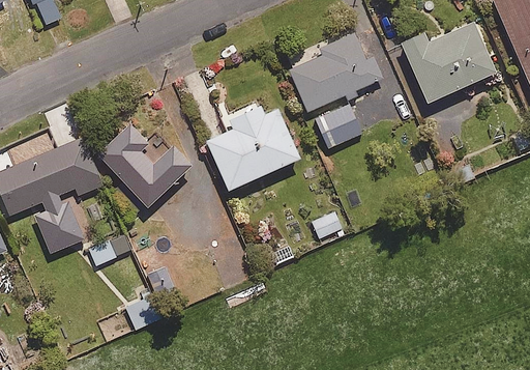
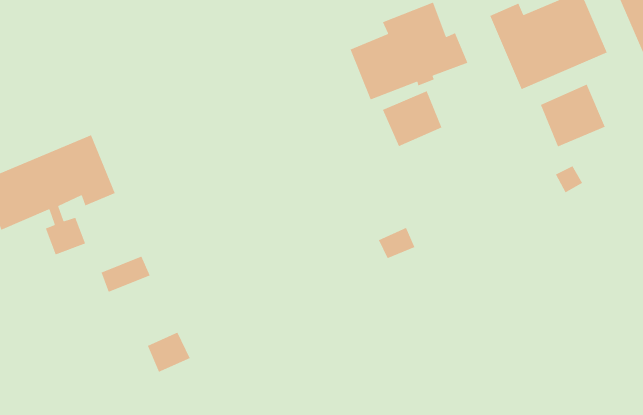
building: none -> [540,84,606,147]
building: [206,103,299,190] -> none
building: [96,124,189,207] -> none

